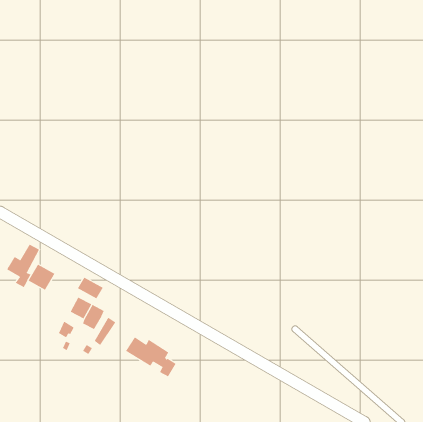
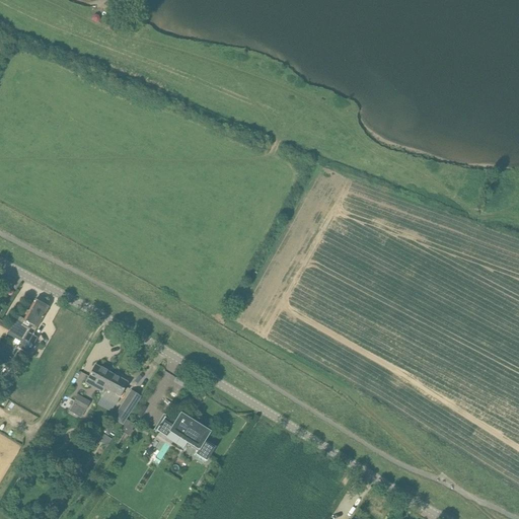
building: [28,264,55,291] -> none
building: [77,277,104,299] -> none

